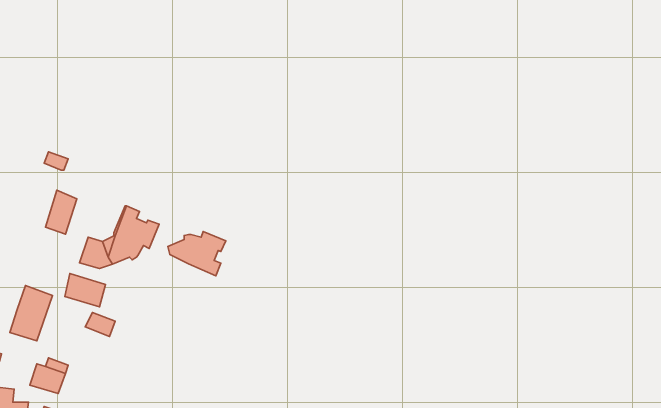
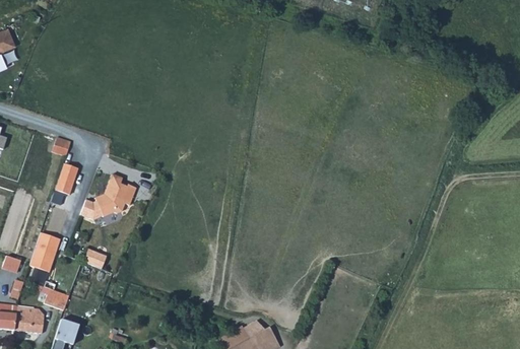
building: [168,231,226,276] -> none
building: [65,273,106,307] -> none

